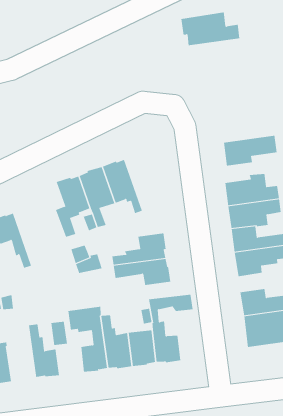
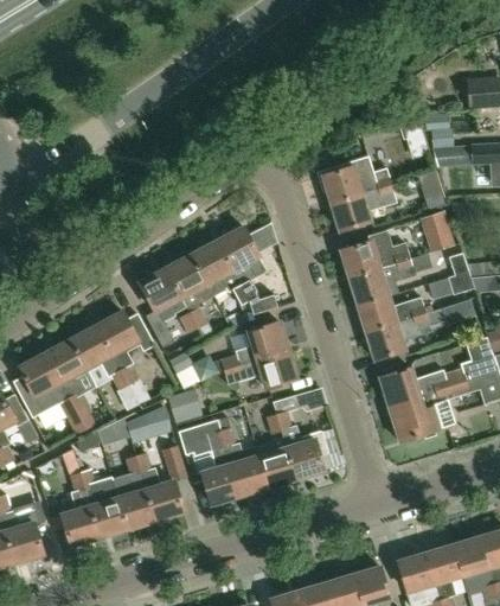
building: [180,12,240,46] -> [316,154,391,202]
building: none -> [217,225,276,314]
building: none -> [96,311,154,385]
building: none -> [168,390,203,423]
building: none -> [128,406,173,442]
building: none -> [114,457,154,527]

